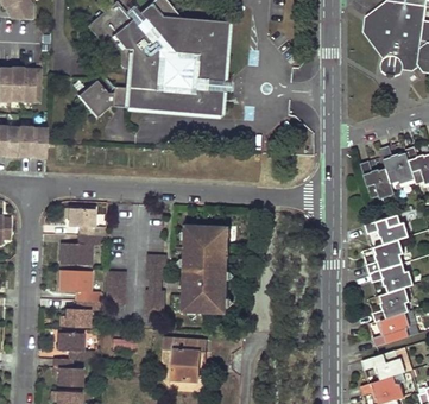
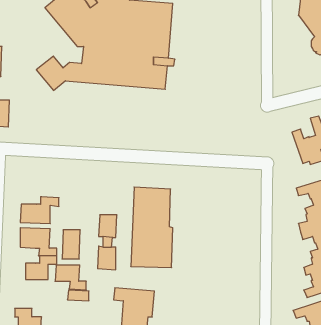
building: [68,208,101,236] -> none
building: [56,333,90,360] -> [55,265,86,290]

